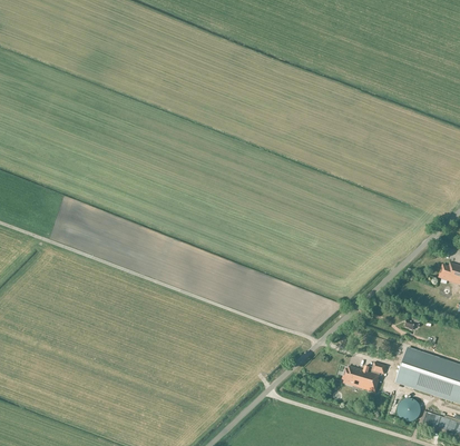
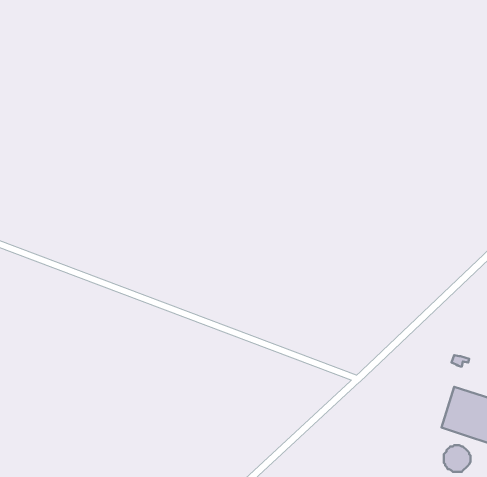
building: [342,361,386,393] -> none

